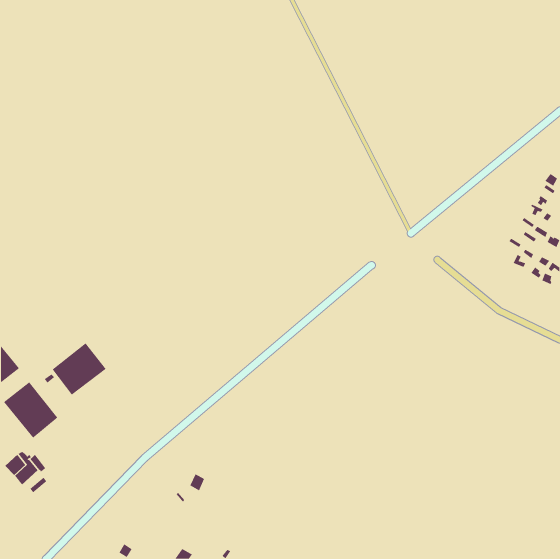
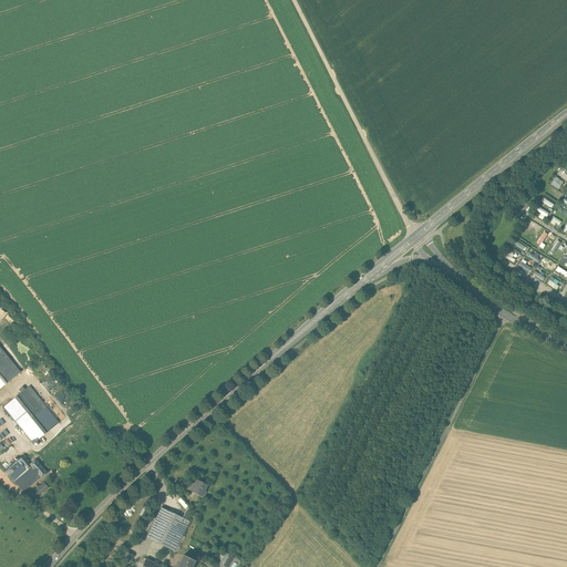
building: [52,342,107,396] -> none
building: none -> [146,506,189,551]

